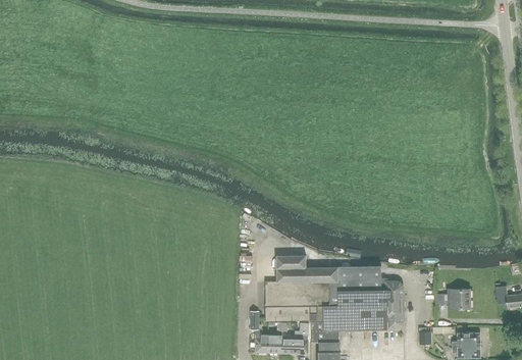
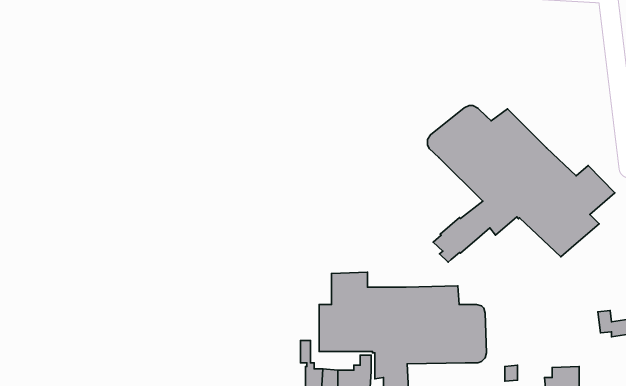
building: none -> [427,105,615,262]
building: [433,288,469,309] -> none

